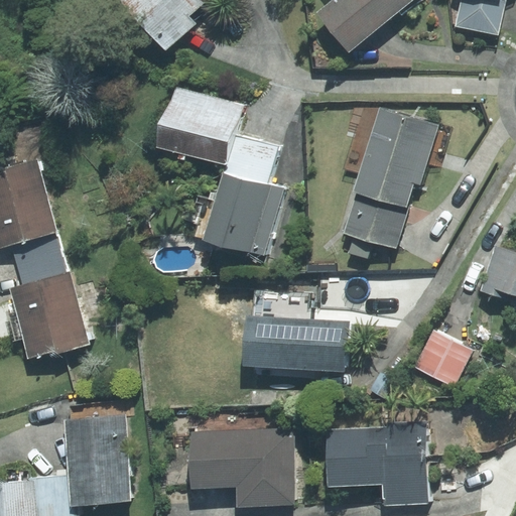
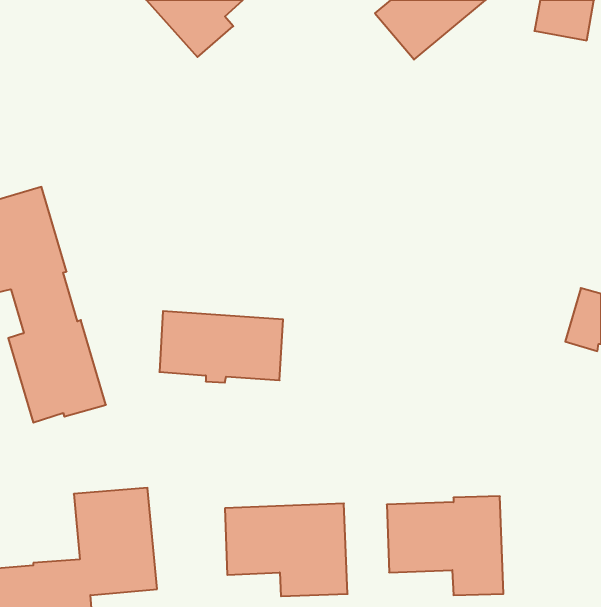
building: [157,86,282,255] -> none
building: [342,107,436,249] -> none
building: [244,313,349,374] -> [159,311,283,383]
building: [411,330,471,387] -> none

